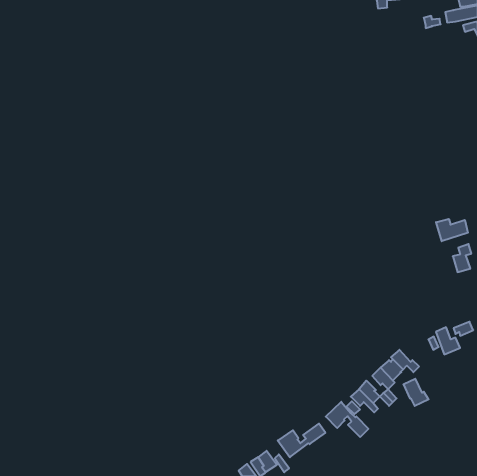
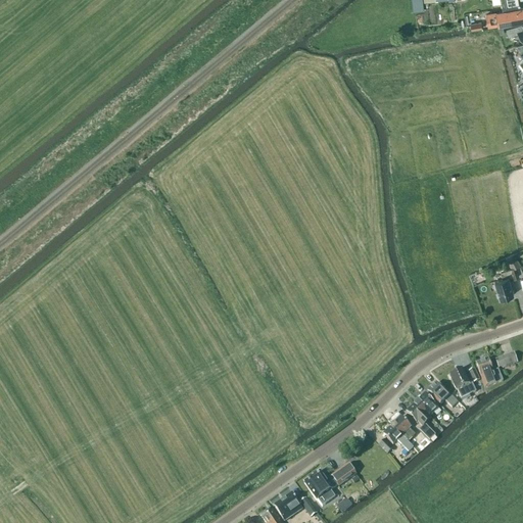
building: [436,219,468,241] -> none
building: [403,379,429,406] -> [449,368,477,397]
building: [326,402,368,437] -> none

